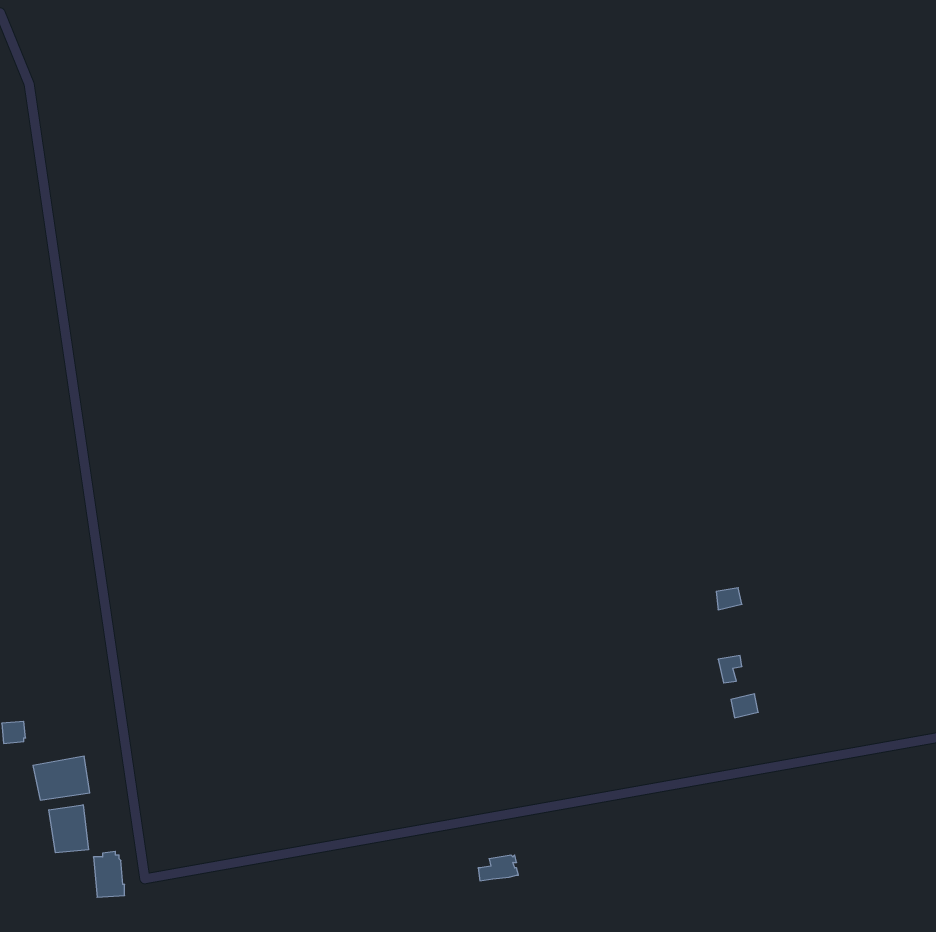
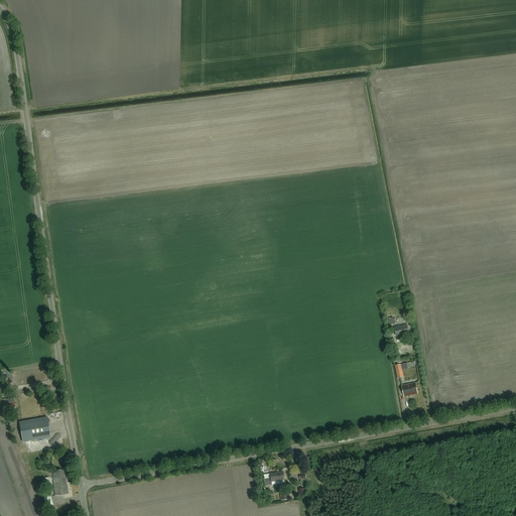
building: [49,805,88,853] -> none

